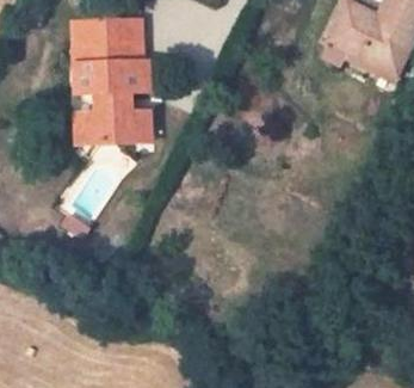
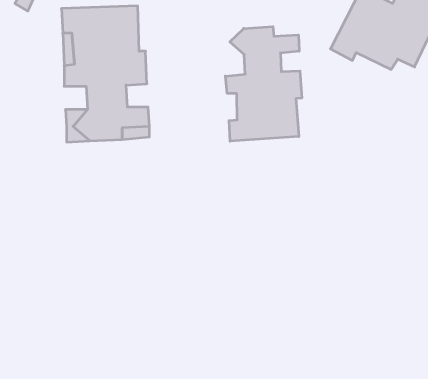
building: none -> [225,27,302,141]

